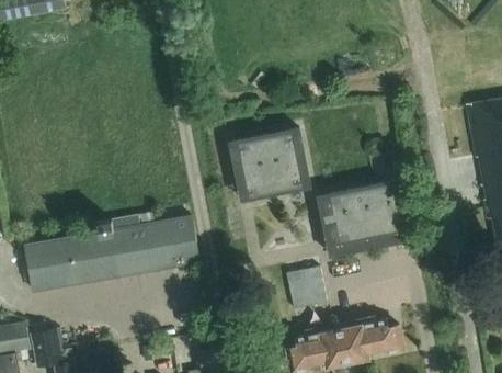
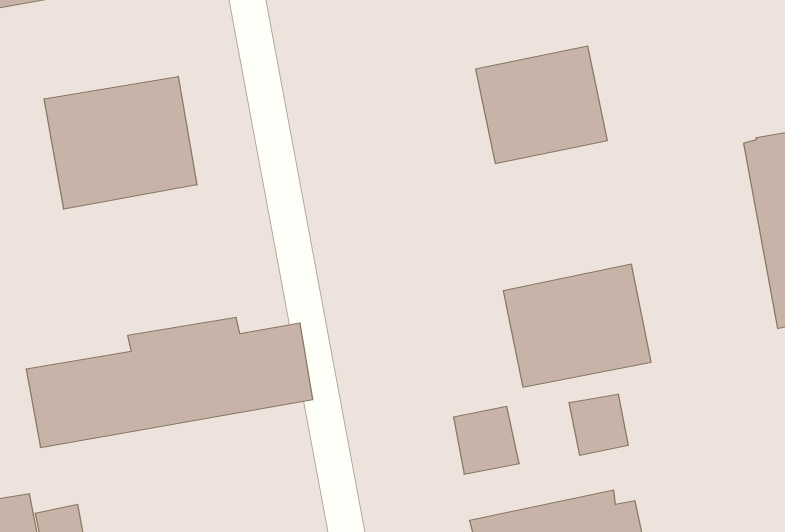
building: none -> [44,76,197,209]
building: [228,127,309,200] -> [476,46,607,163]
building: none -> [569,394,628,455]

